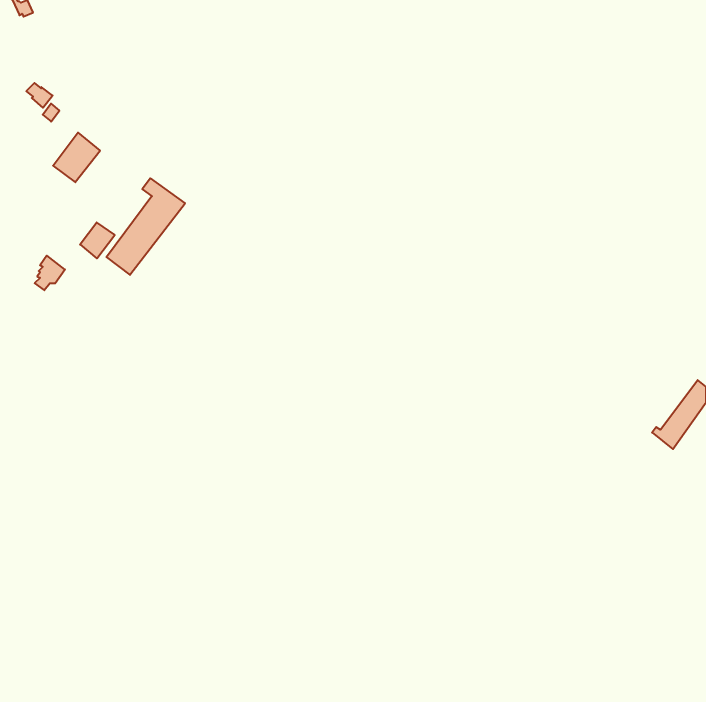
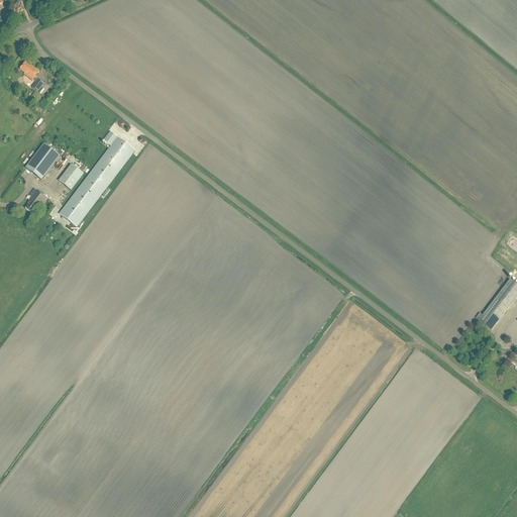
building: [53,133,100,182] -> [25,141,60,178]
building: none -> [60,188,95,225]

